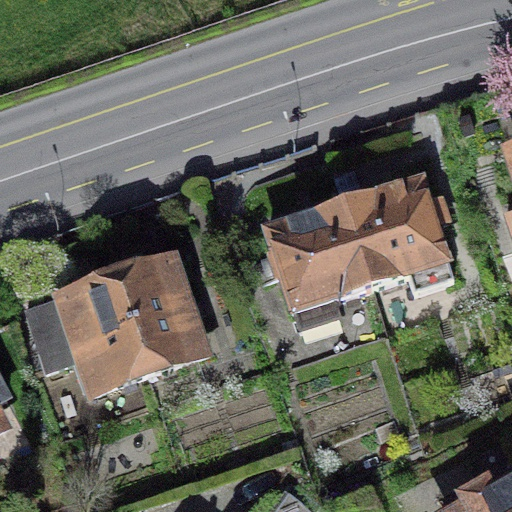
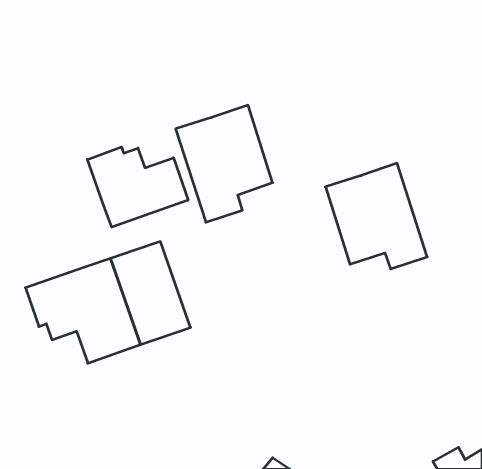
building: none -> [87,147,188,227]
building: [268,198,371,322] -> [176,105,273,222]

